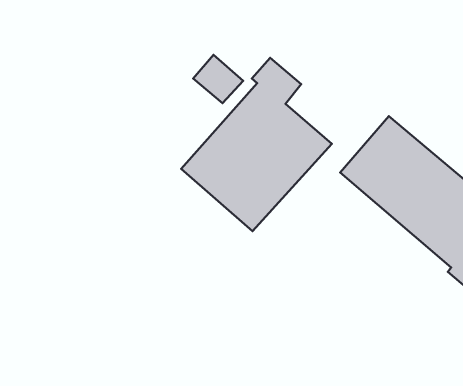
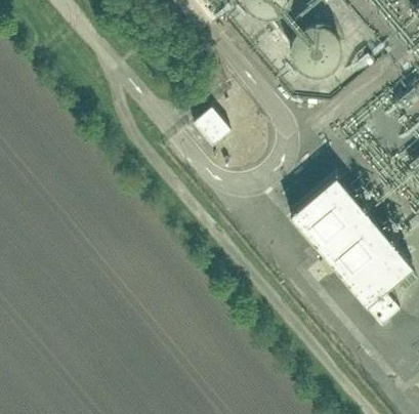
building: [181,58,332,231] -> none

